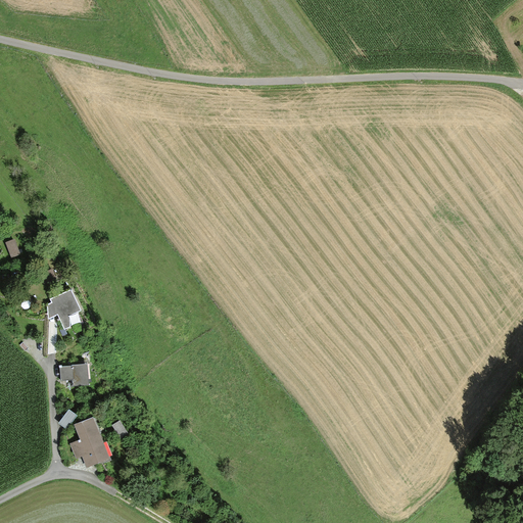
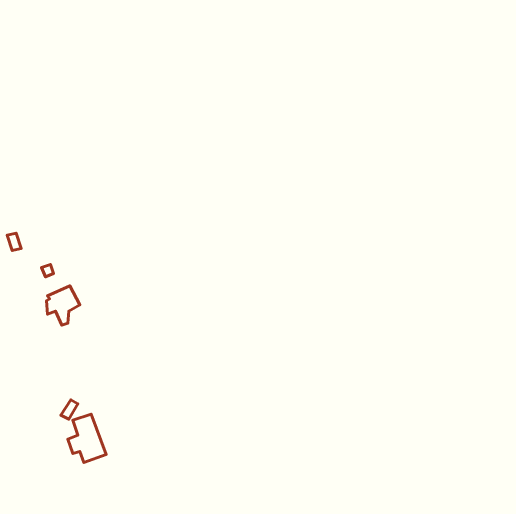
building: [60,364,89,385] -> none

